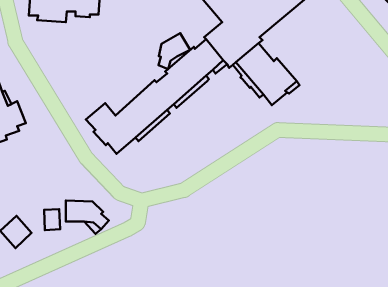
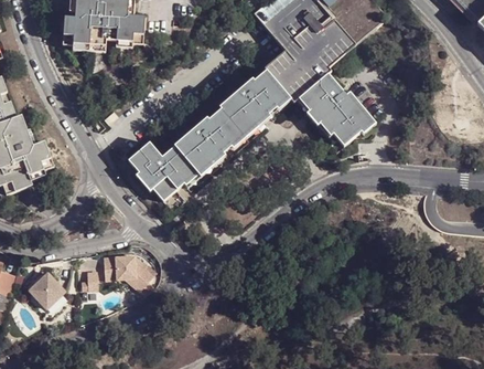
building: [159,33,190,69] -> none

